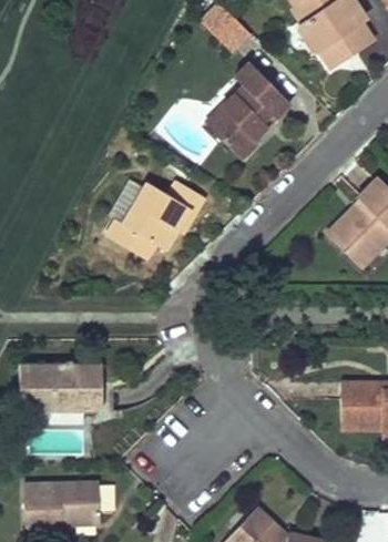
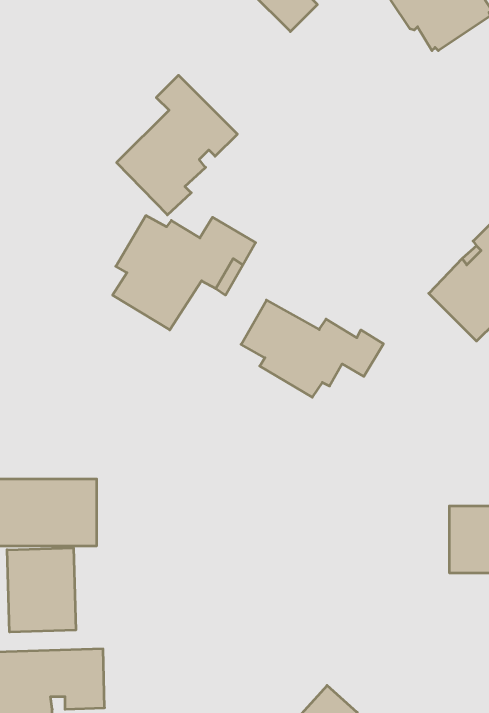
building: [206,62,290,160] -> [117,75,237,215]
building: none -> [241,300,383,397]
building: none -> [7,548,76,632]

